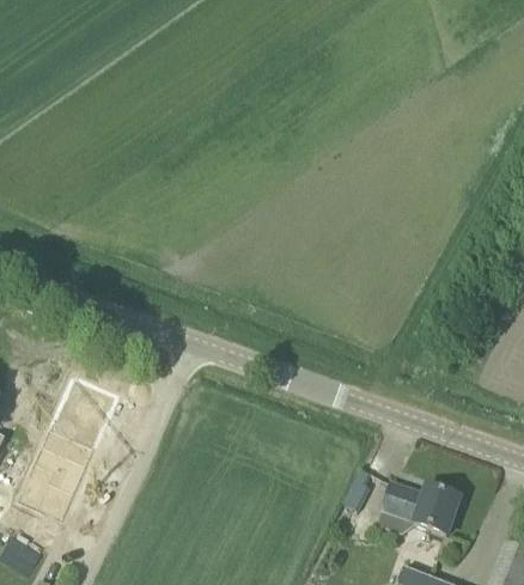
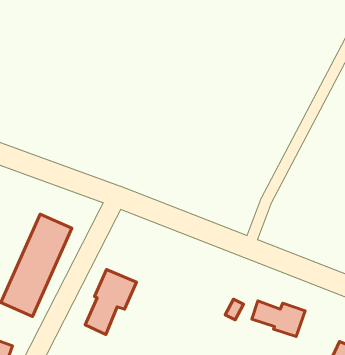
building: none -> [85,269,136,334]

